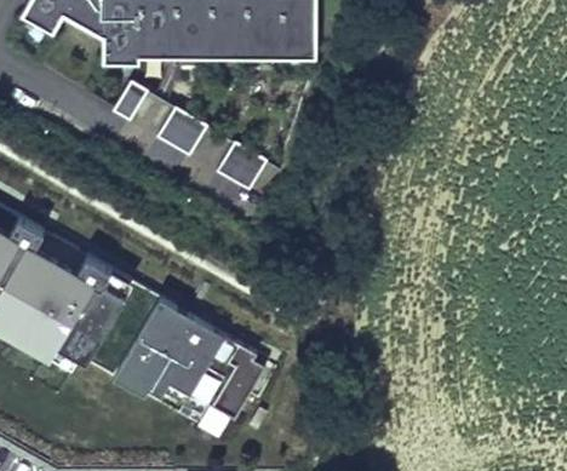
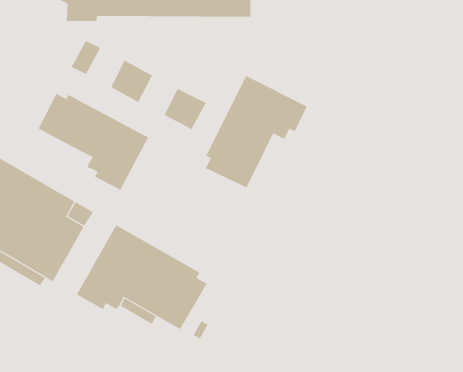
building: none -> [205,75,308,188]
building: none -> [38,93,149,191]

